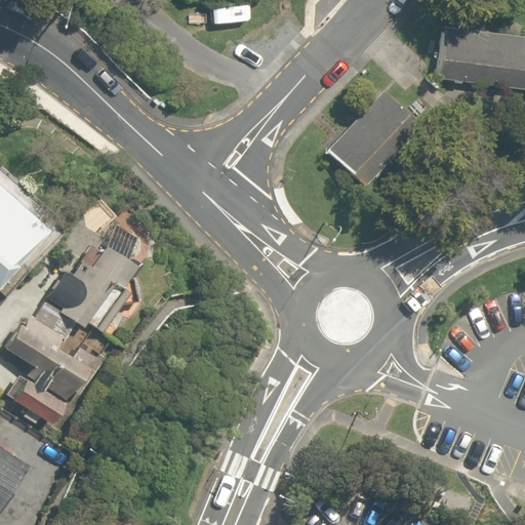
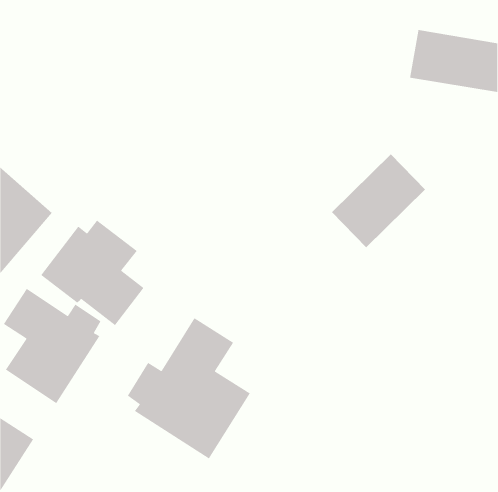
building: [320,92,419,192] -> [331,153,426,248]
building: none -> [127,317,251,460]

